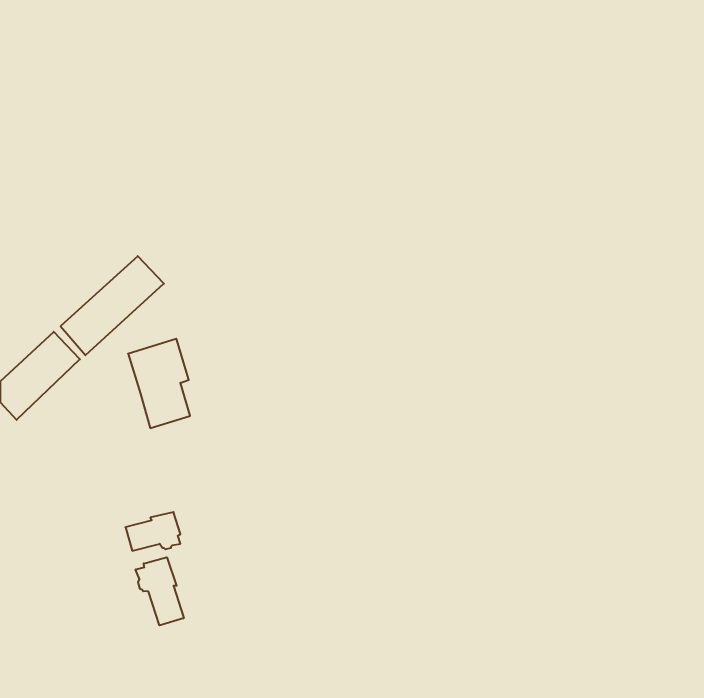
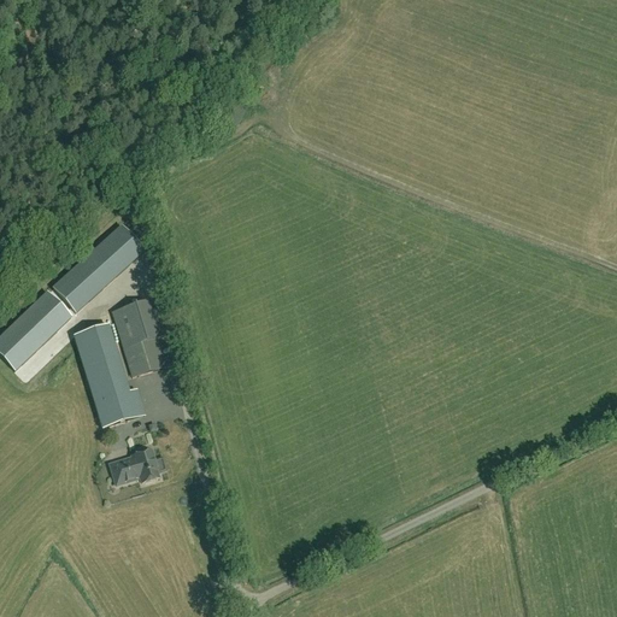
building: none -> [75,328,129,427]
building: [136,557,184,625] -> none

